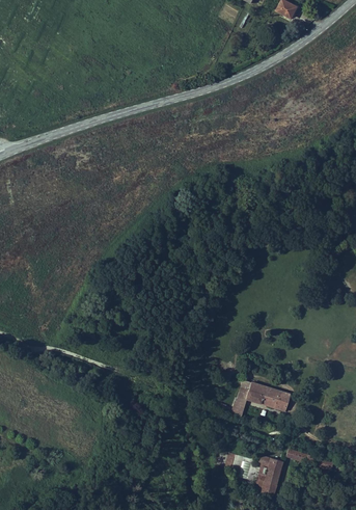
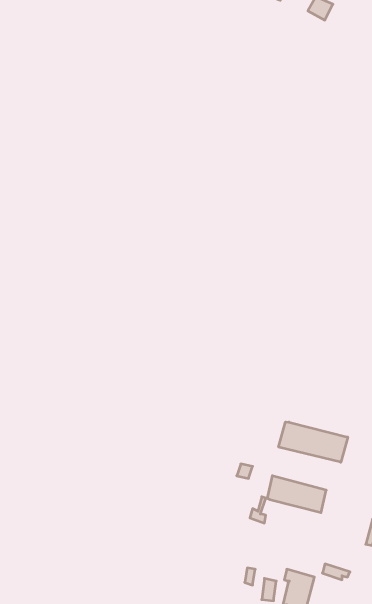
building: none -> [279,422,348,462]

